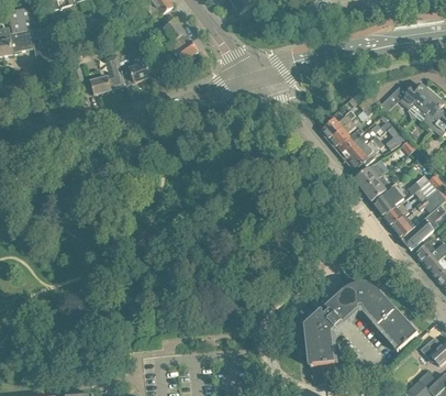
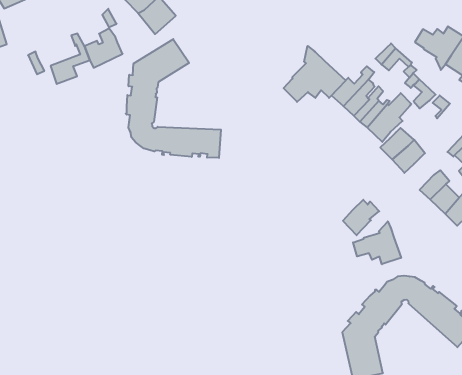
building: none -> [126,39,221,158]
building: none -> [284,46,346,102]
building: [372,186,403,215] -> [343,200,379,235]
building: none -> [353,221,401,264]

